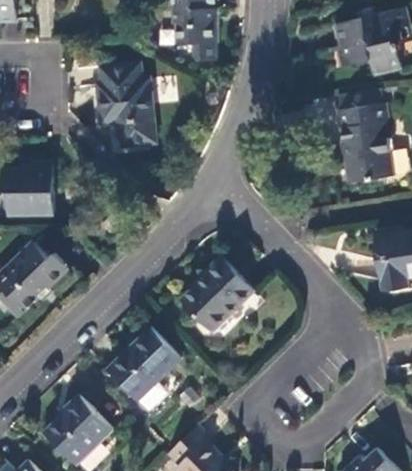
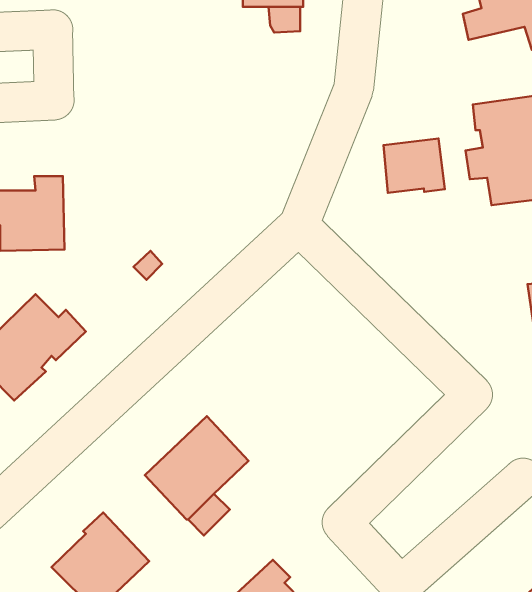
building: [96,63,154,145] -> none
building: none -> [384,138,445,193]
building: [181,258,252,330] -> none

